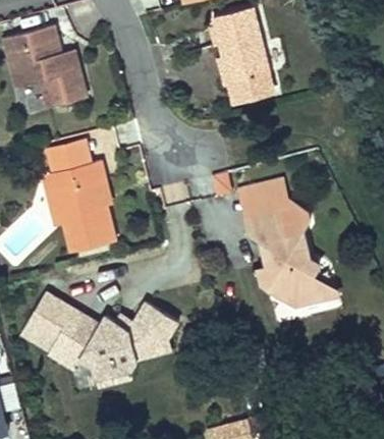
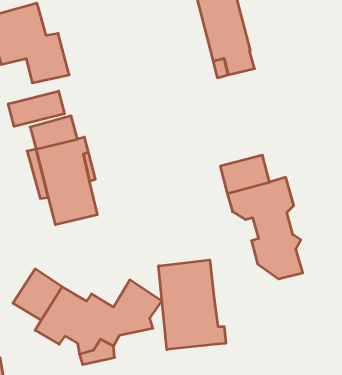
building: none -> [8,91,64,126]
building: none -> [159,260,226,350]

